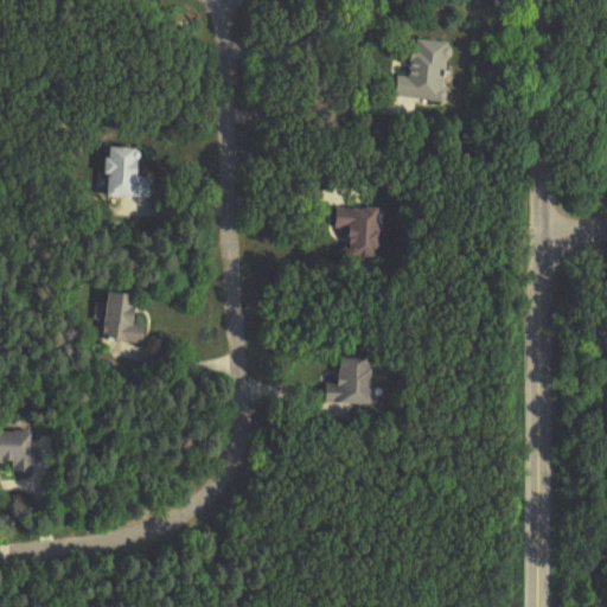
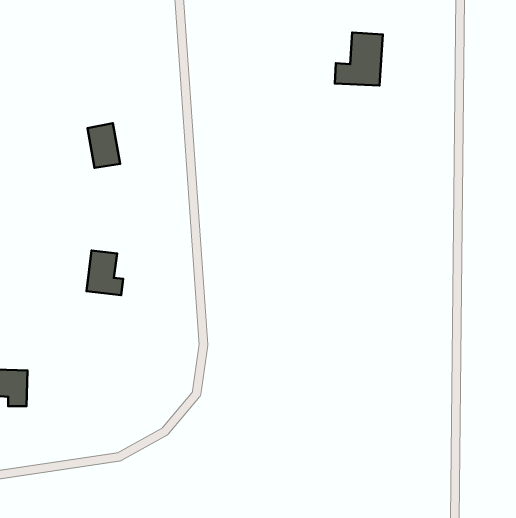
building: [330,207,378,256] -> none
building: [321,354,371,403] -> none

